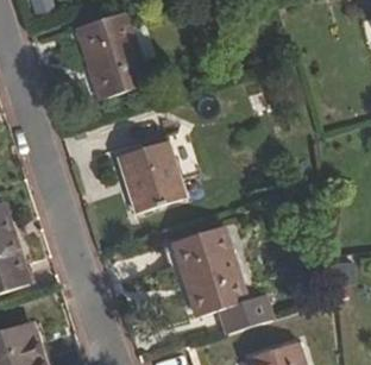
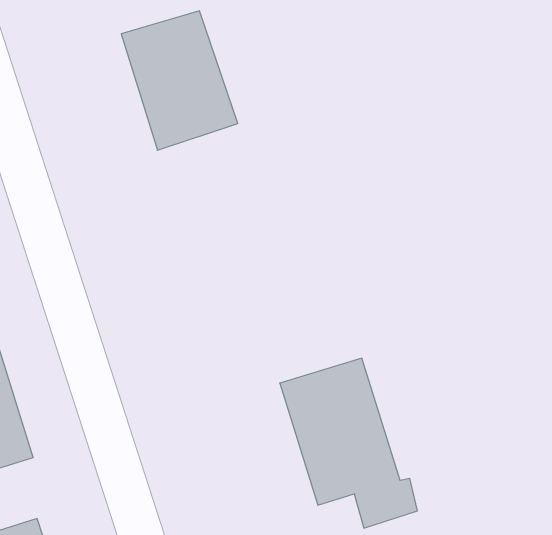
building: [122,137,190,209] -> none

